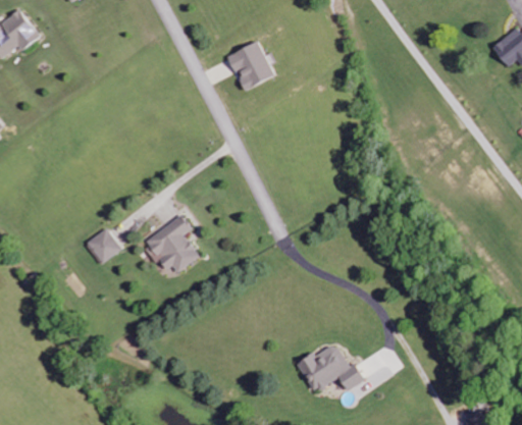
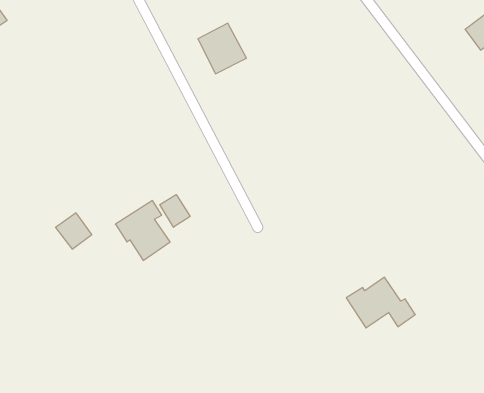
building: none -> [160,195,190,227]
building: [296,343,364,393] -> [346,277,415,328]

